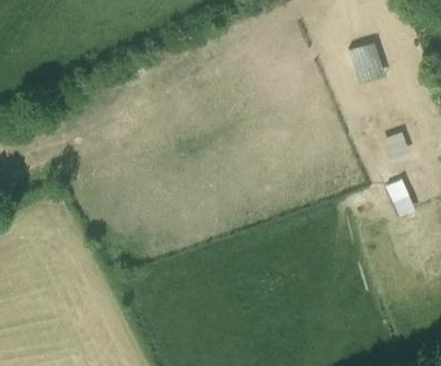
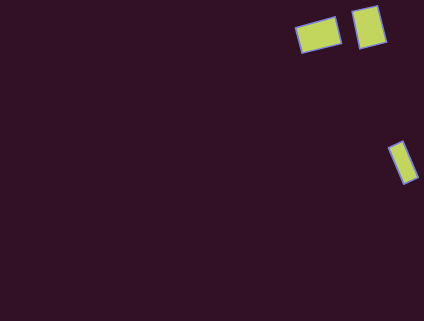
building: none -> [295,17,341,53]

